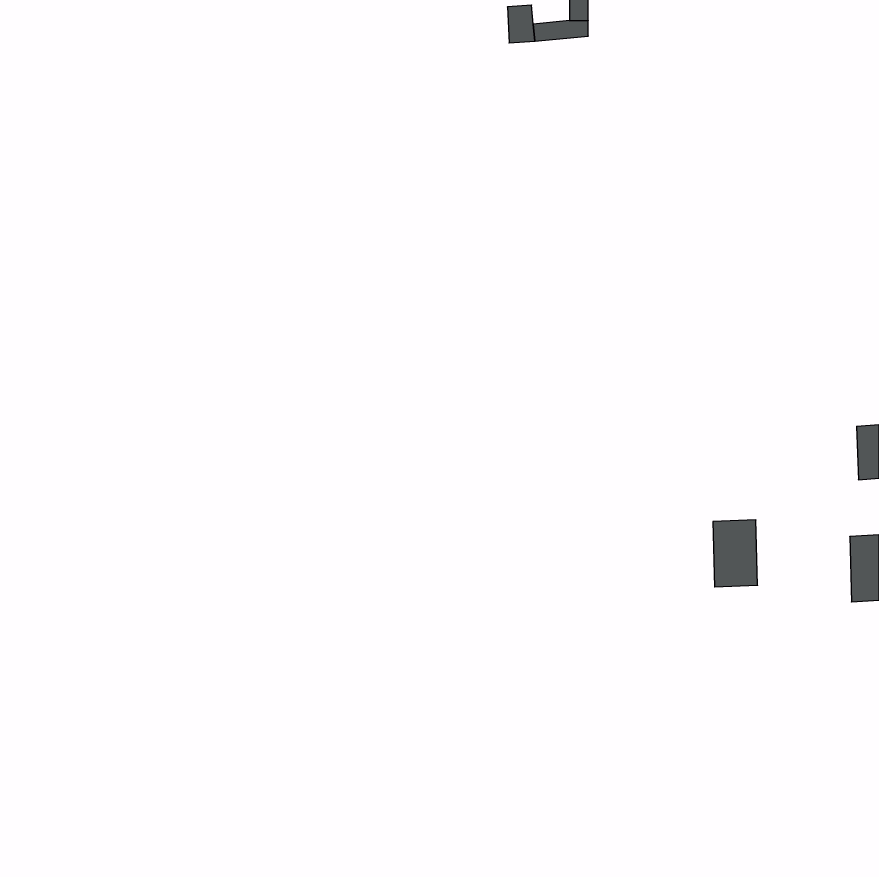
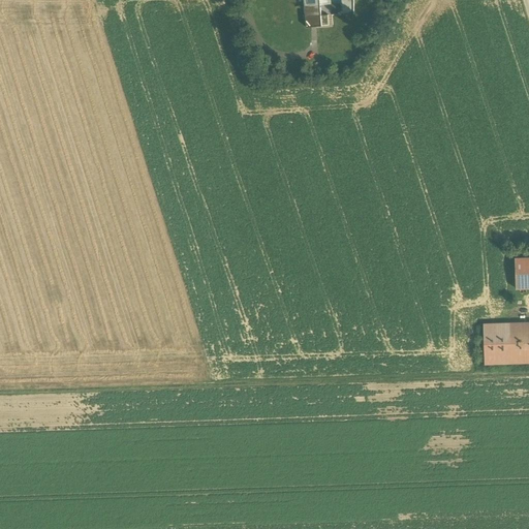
building: [713,520,758,587] -> [485,322,511,363]

